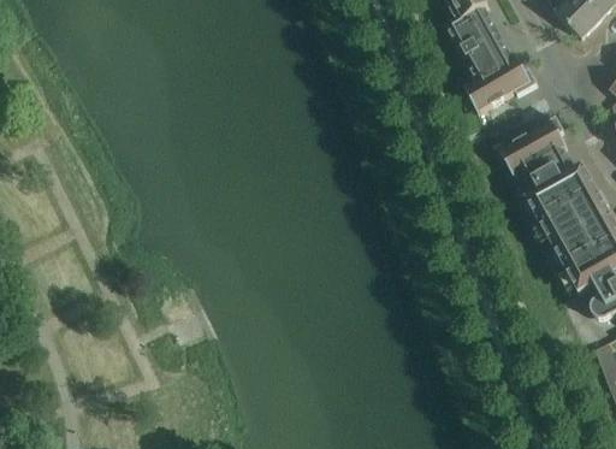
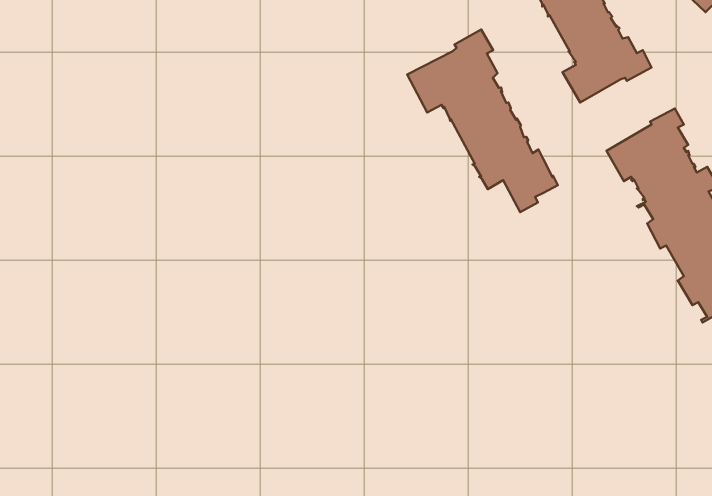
building: none -> [407,30,558,212]

